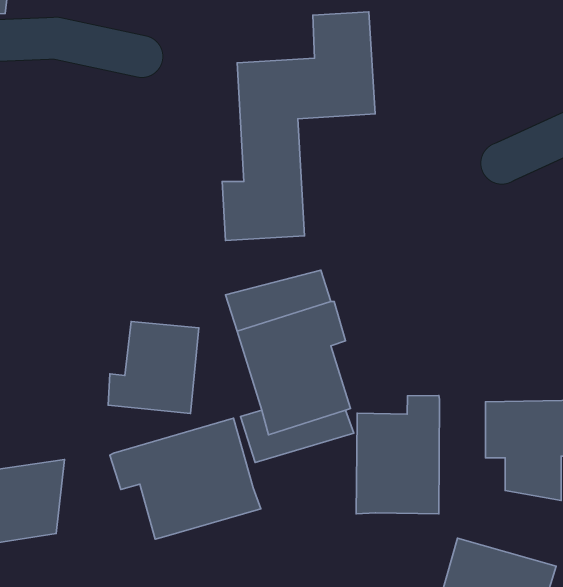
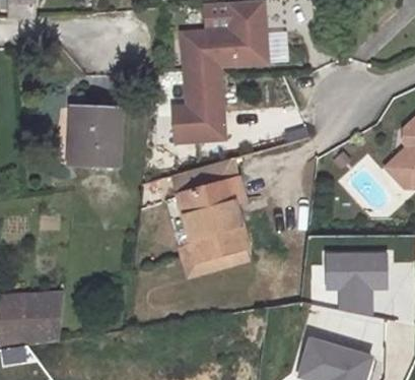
building: [108,321,199,413] -> [65,118,121,175]
building: [356,395,440,514] -> none
building: [110,418,261,539] -> none

